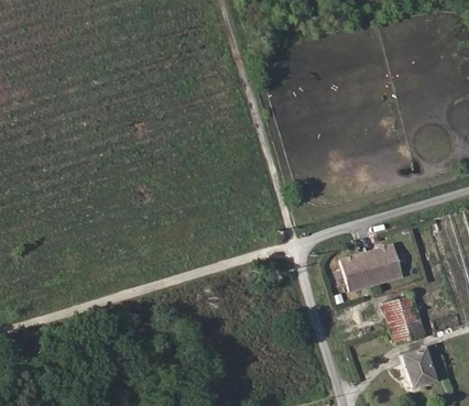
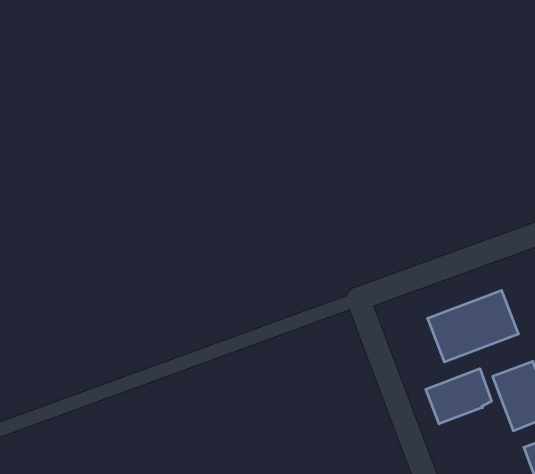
building: none -> [426,369,491,424]

